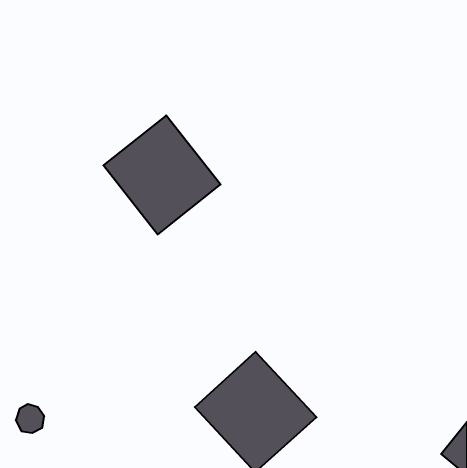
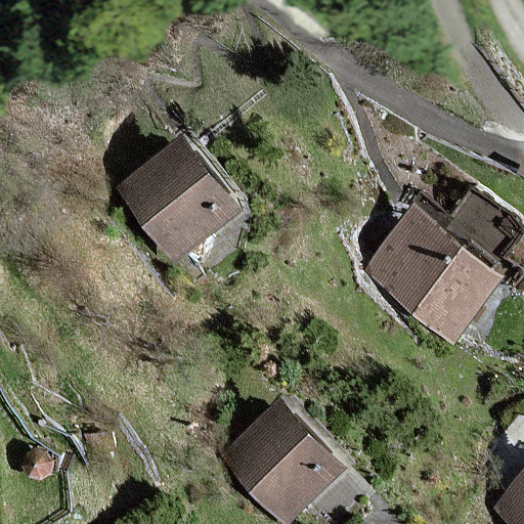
building: none -> [360,202,510,347]

